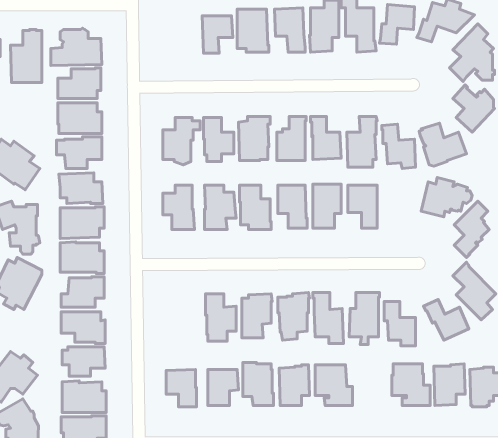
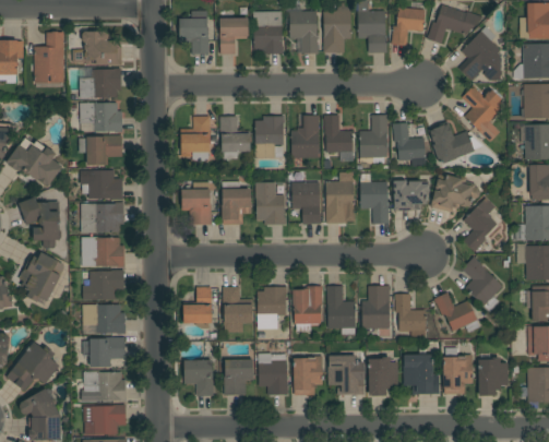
building: none -> [179,11,208,55]
building: none -> [394,180,429,211]
building: none -> [183,287,212,323]
building: none -> [368,357,398,396]

